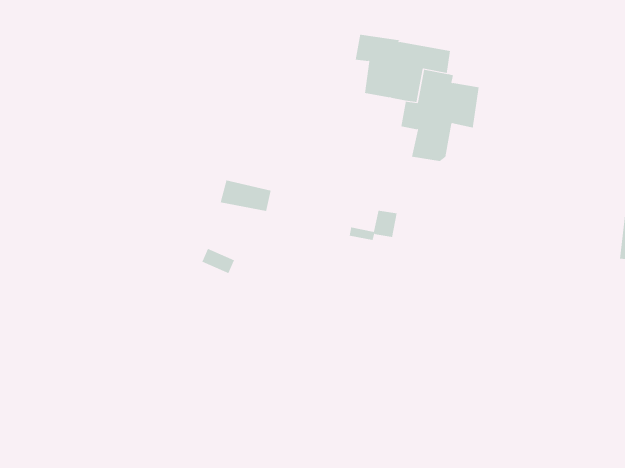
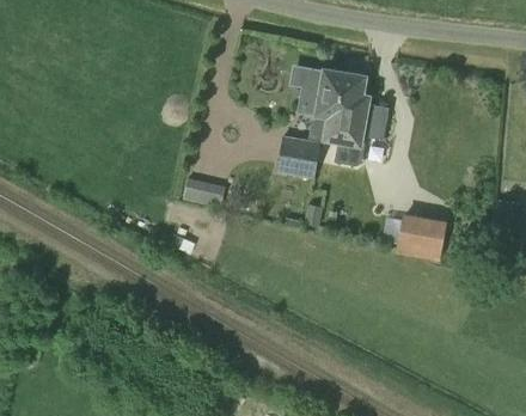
building: none -> [277,137,319,178]
building: none -> [396,214,446,262]

